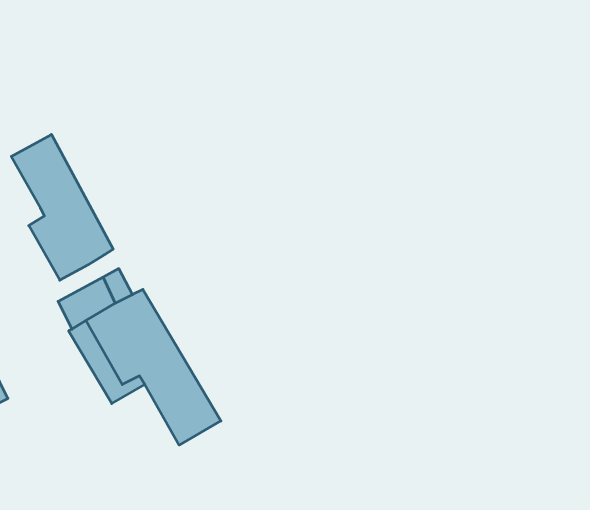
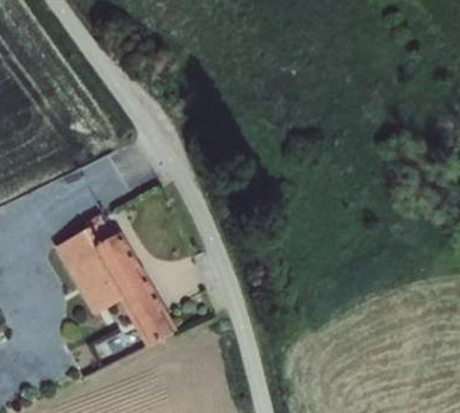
building: [11,134,113,280] -> none

